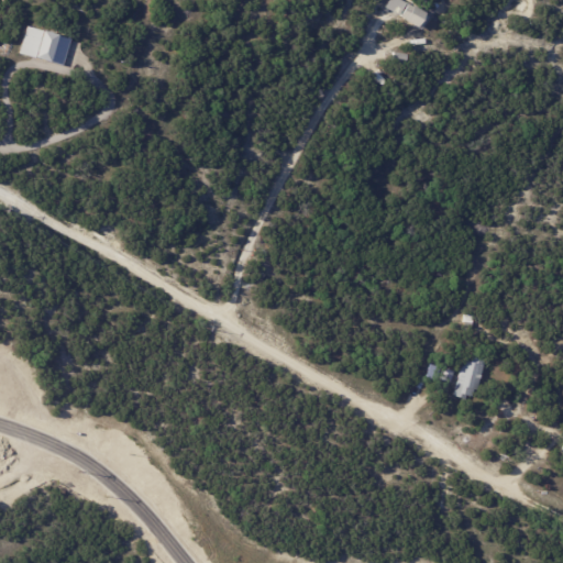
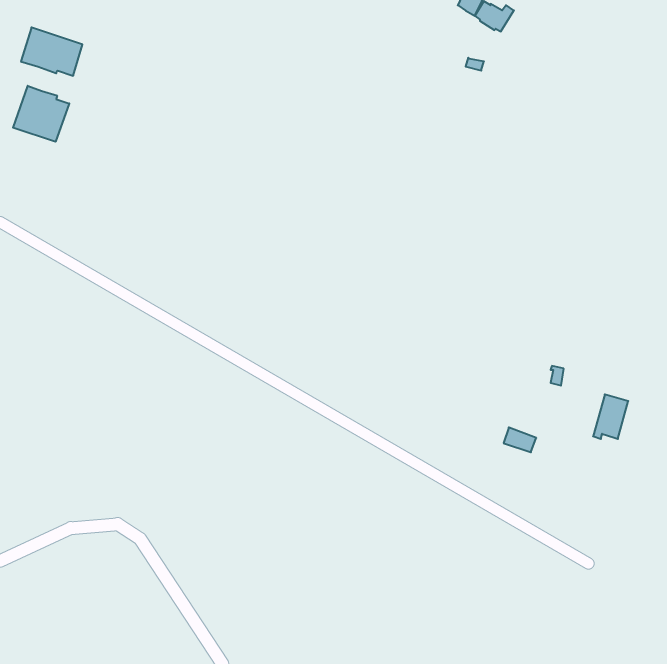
building: none -> [13,86,69,142]
building: [454,358,484,396] -> [593,394,628,439]

